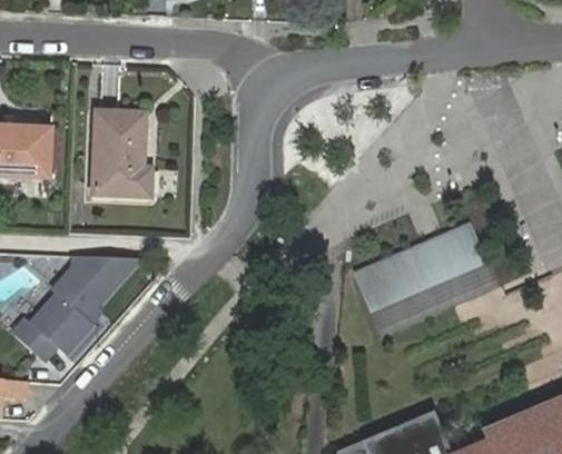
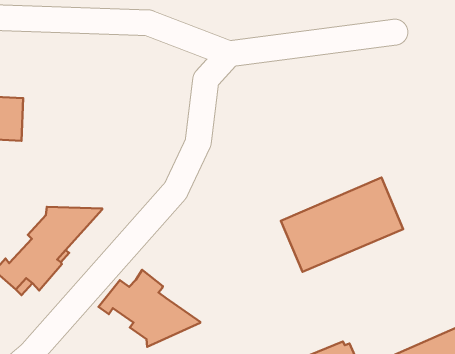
building: [91,110,151,196] -> none
building: none -> [99,270,200,347]

